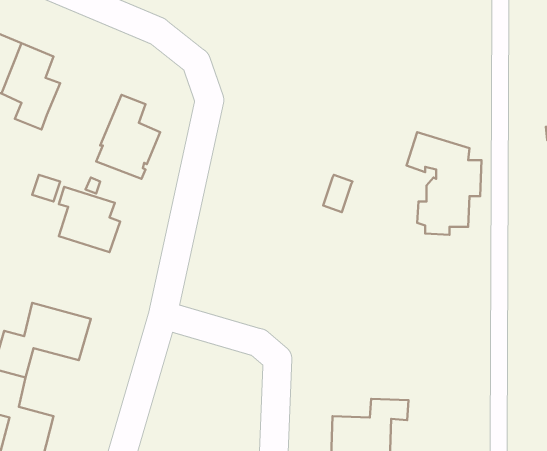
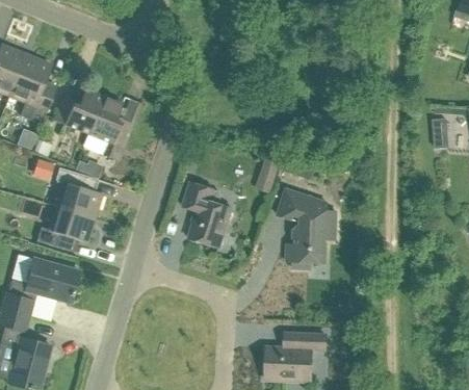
building: none -> [53,88,103,135]
building: [407,132,481,235] -> [279,188,337,268]
building: none -> [183,182,233,246]
building: none -> [36,206,94,246]

